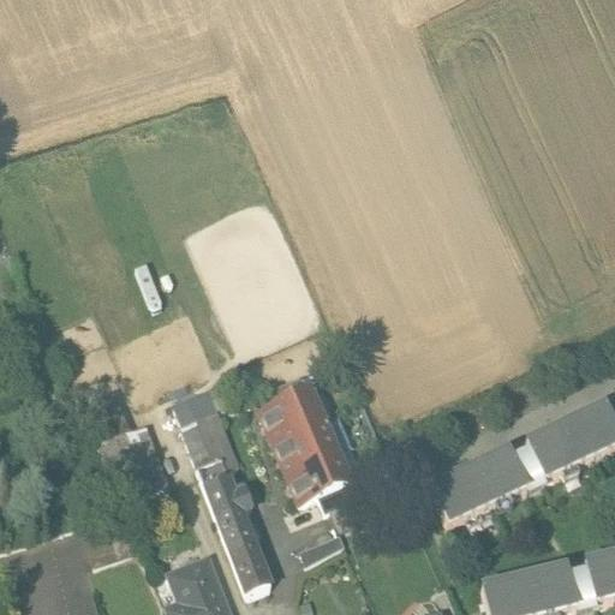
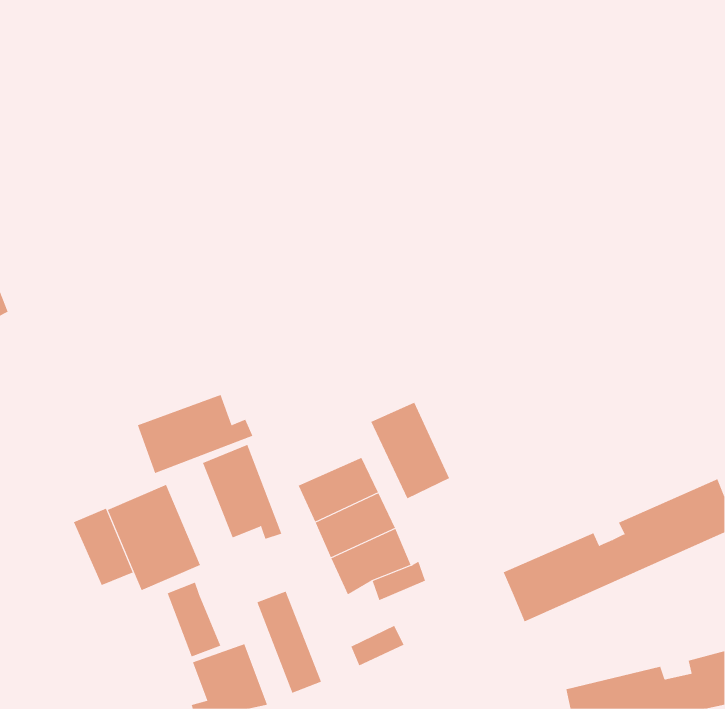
building: none -> [137,394,253,474]
building: none -> [371,402,450,499]
building: none -> [73,508,133,586]
building: [196,444,241,508] -> [167,582,221,657]

